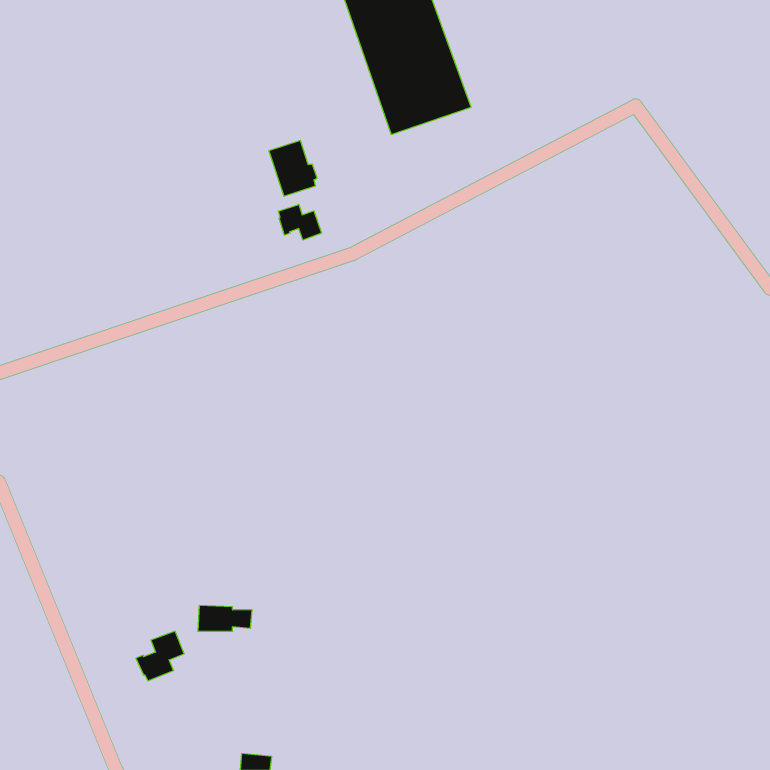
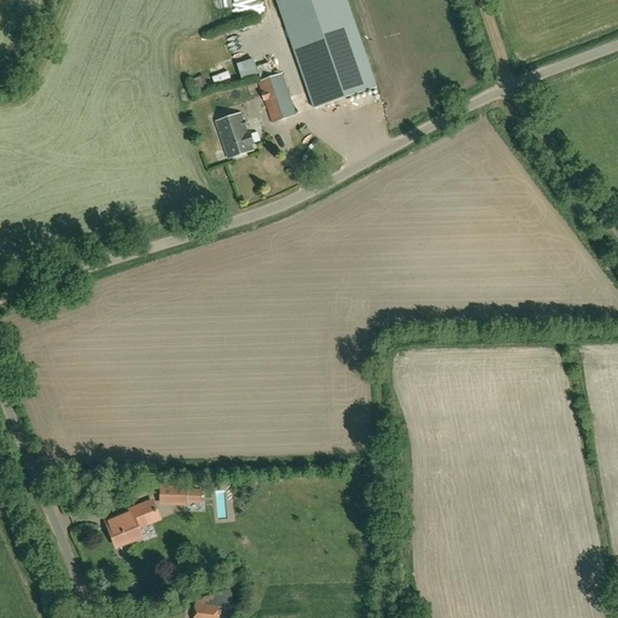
building: none -> [257,72,295,122]
building: [278,204,322,240] -> none

